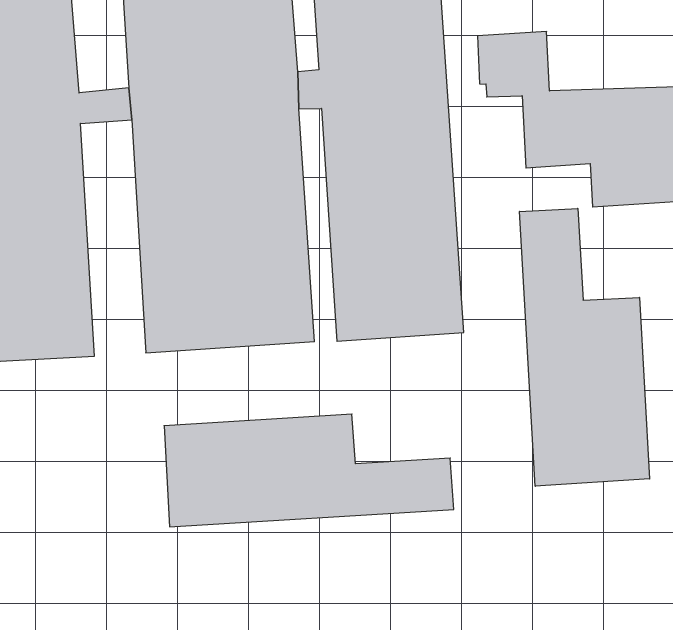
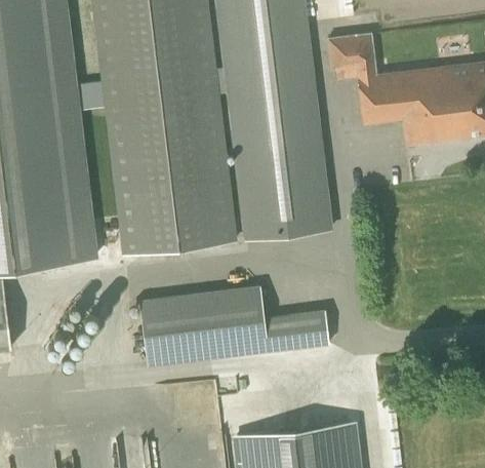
building: [520,208,650,486] -> none

